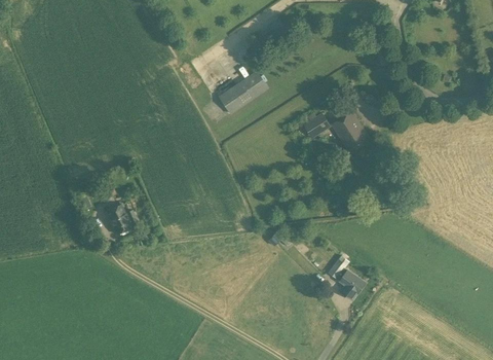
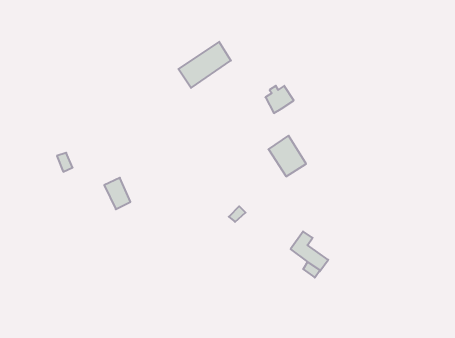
building: [332,110,369,150] -> [268,136,306,176]
building: [105,203,130,233] -> [104,178,130,209]

